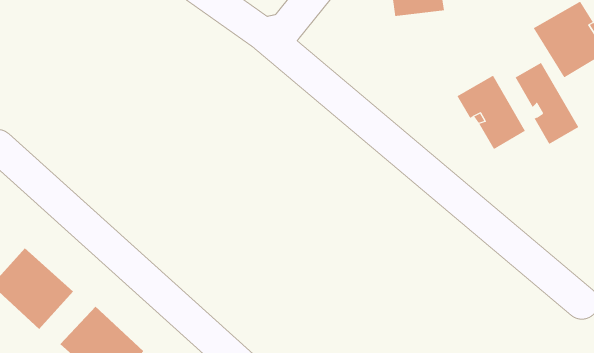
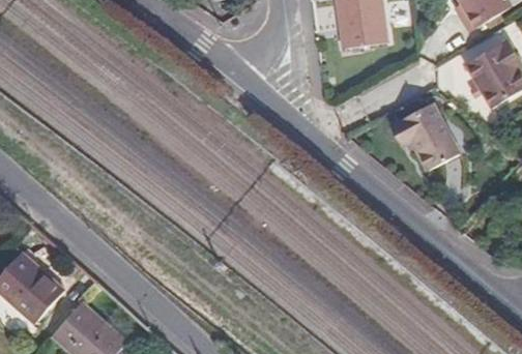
building: [515,62,579,145] -> none

